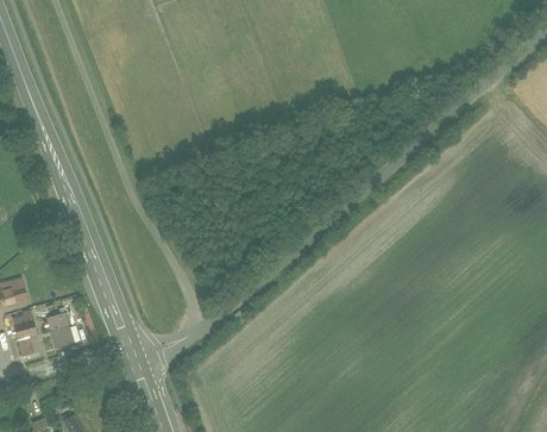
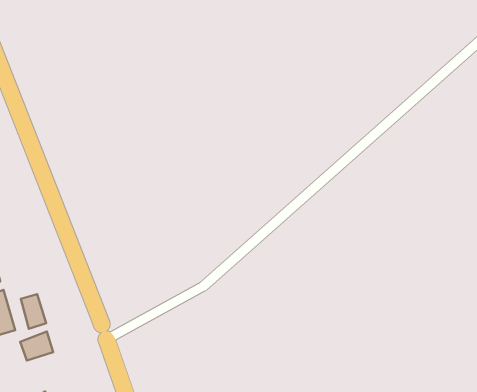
building: none -> [20,332,53,360]

